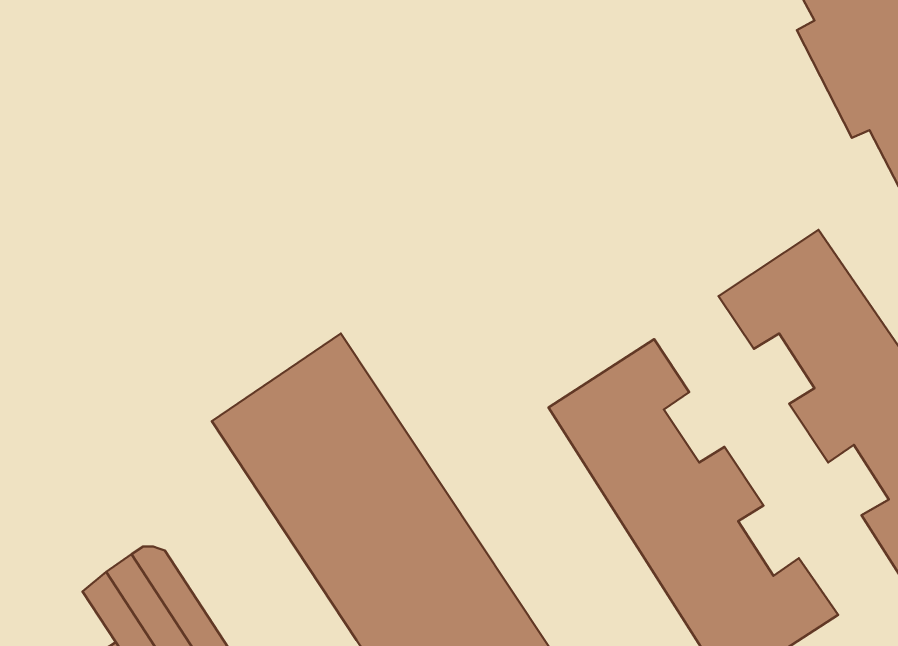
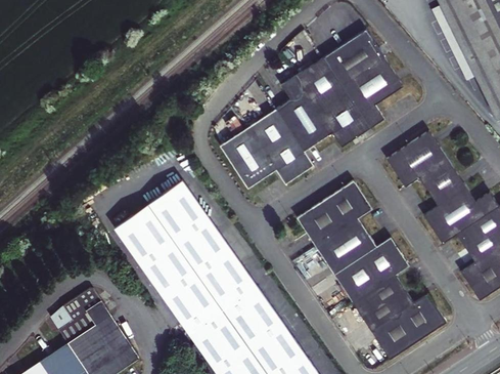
building: none -> [222,28,405,185]

